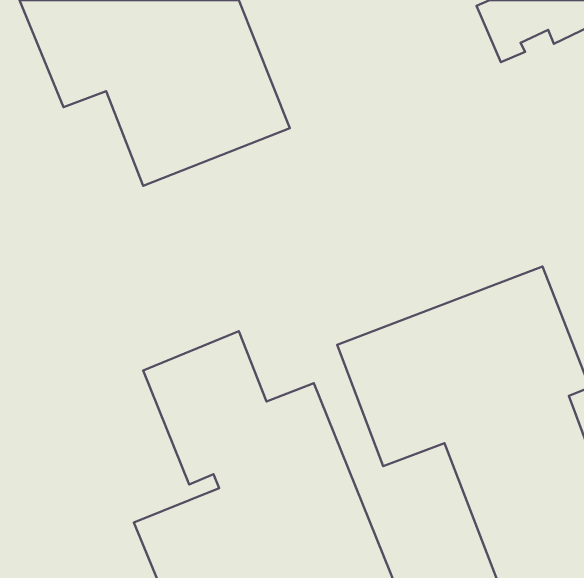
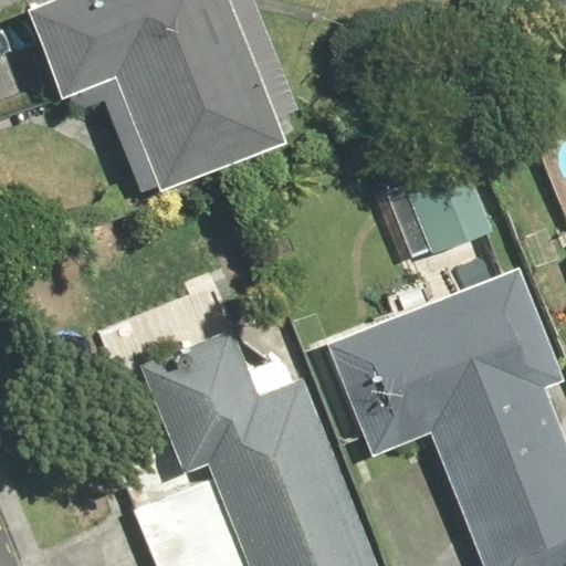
building: none -> [370,156,480,265]

